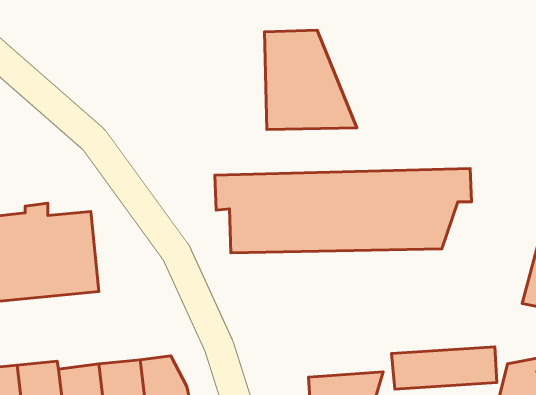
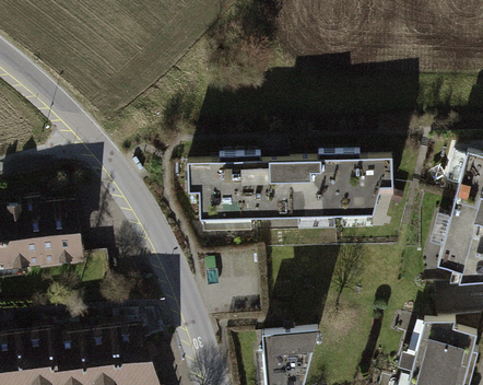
building: [264,30,357,129] -> none
building: [392,347,497,389] -> none

